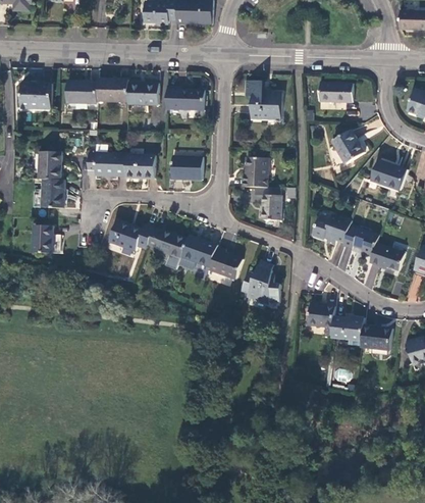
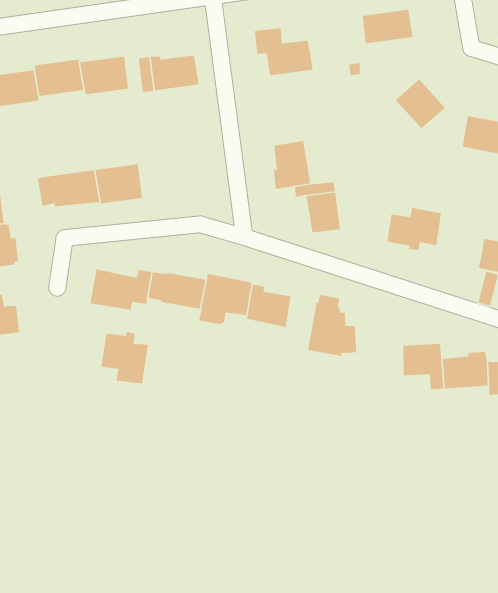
building: [171,156,204,180] -> none
building: [341,224,377,255] -> none
building: none -> [101,331,149,384]

